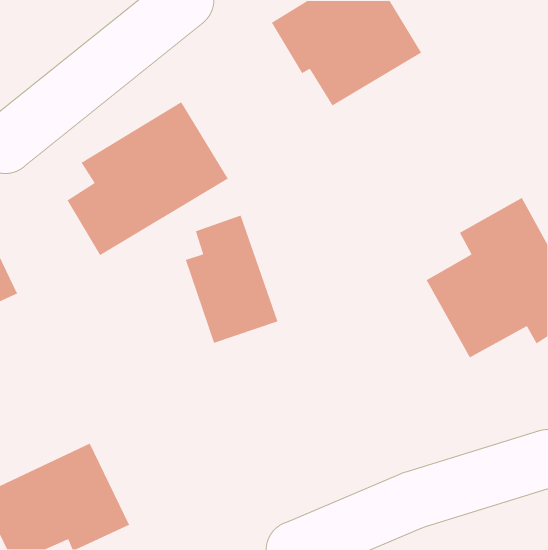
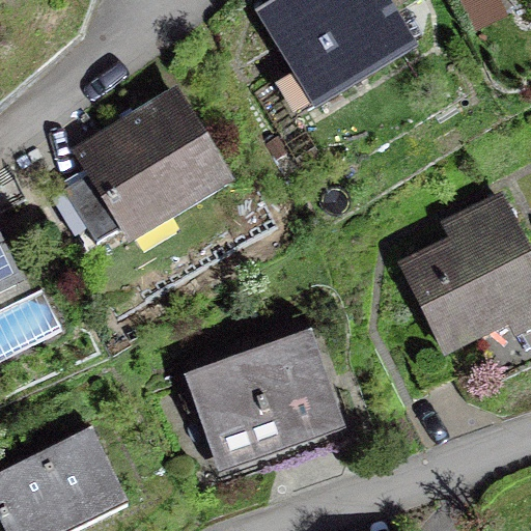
building: [185,215,278,344] -> none
building: none -> [190,333,339,470]

